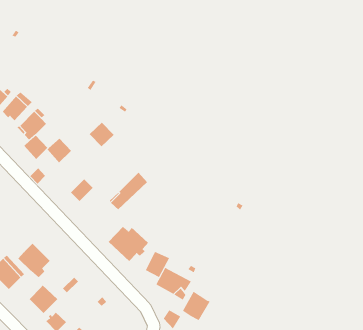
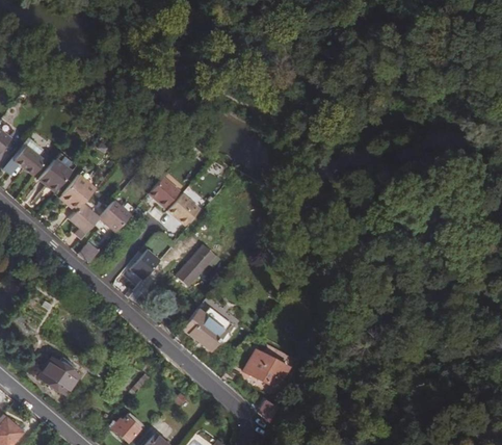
building: none -> [166,197,197,229]
building: [17,243,51,278] -> none
building: [145,251,170,278] -> none
building: [29,285,58,314] -> none
building: [182,291,211,321] -> none

